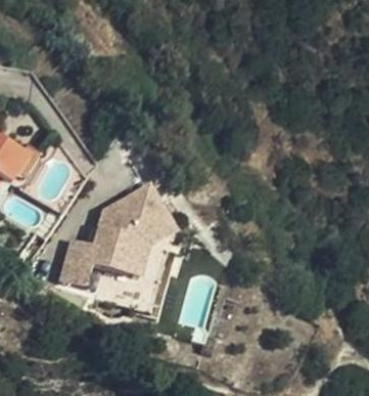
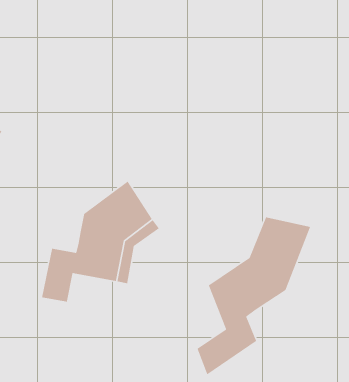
building: none -> [197,216,311,375]

